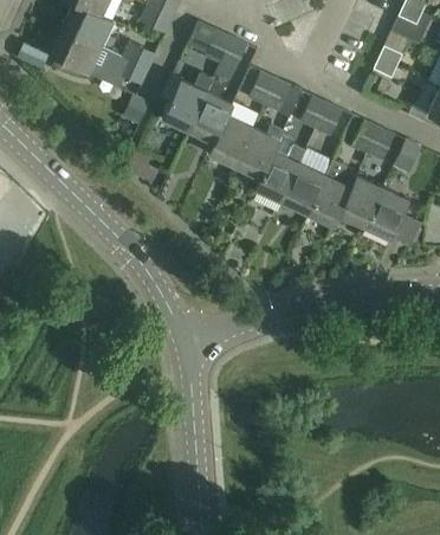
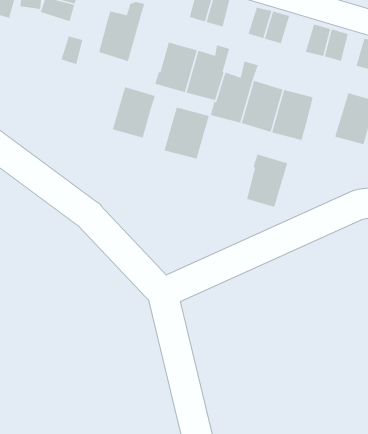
building: [189,91,234,142] -> [112,86,156,139]
building: [341,175,384,227] -> [246,154,288,208]
building: none -> [164,107,210,160]

